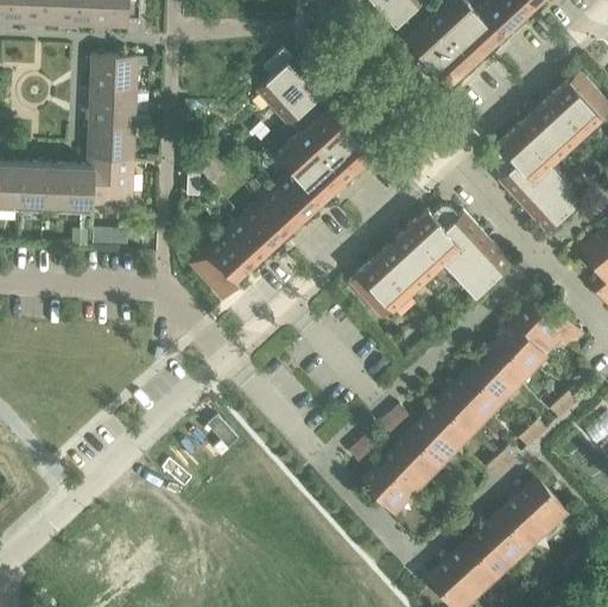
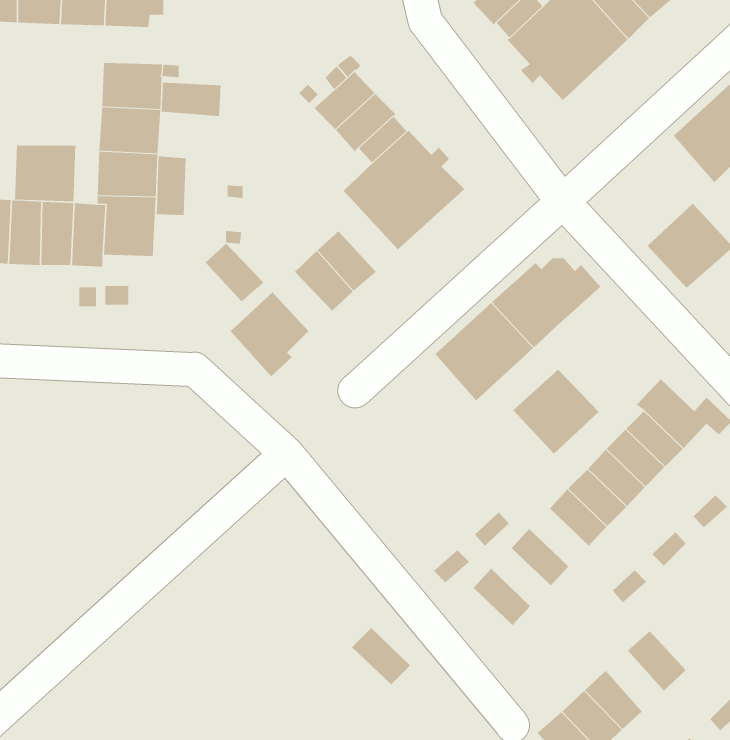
building: none -> [161,82,221,117]
building: [495,113,566,198] -> none
building: none -> [15,145,76,202]
building: none -> [156,156,186,216]
building: [274,171,321,219] -> none
building: [223,219,270,265] -> [205,243,264,302]
building: [443,230,511,297] -> [512,369,600,455]
building: [423,403,469,448] -> none
building: [393,434,439,479] -> none
building: [363,464,410,510] -> [351,627,411,685]
building: [517,480,564,529] -> none
building: [482,513,527,561] -> none

